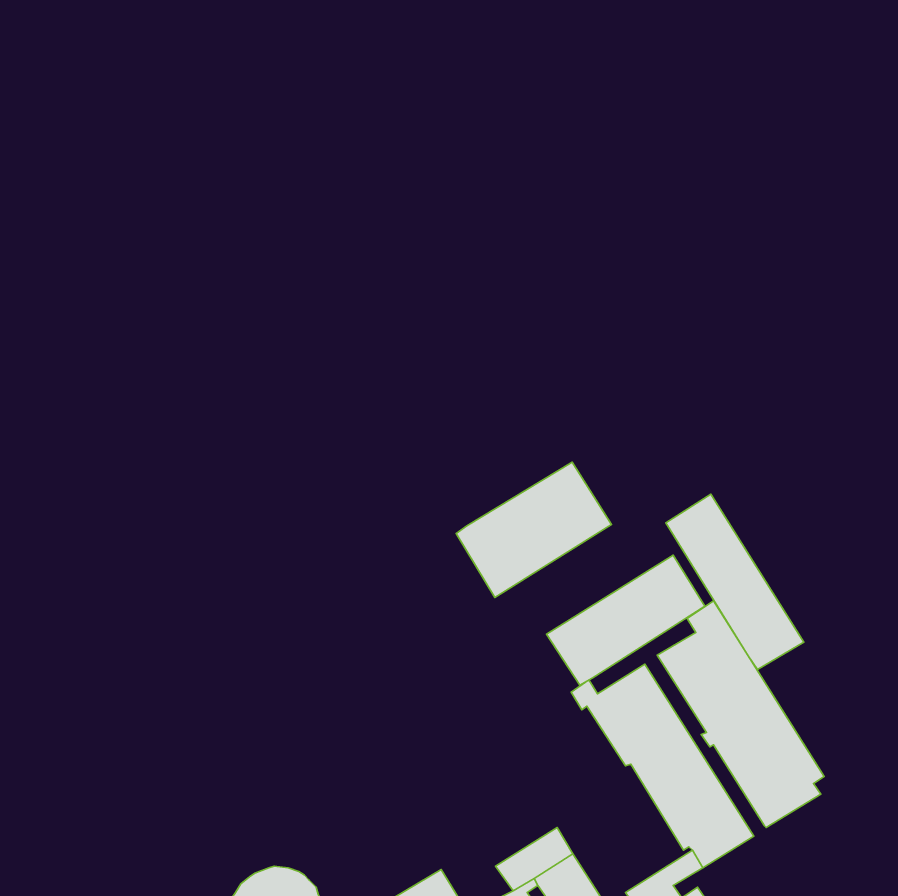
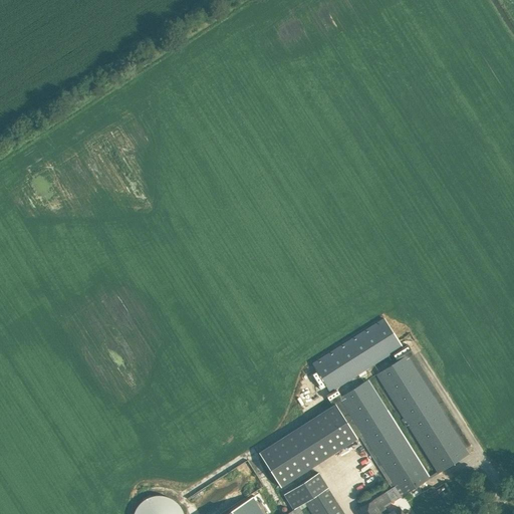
building: [456,462,611,597] -> none
building: [666,494,804,670] -> none
building: none -> [259,405,357,488]

